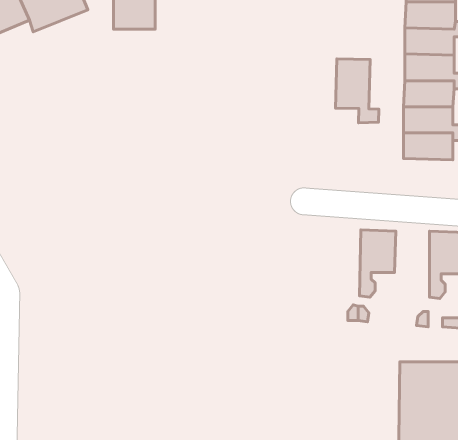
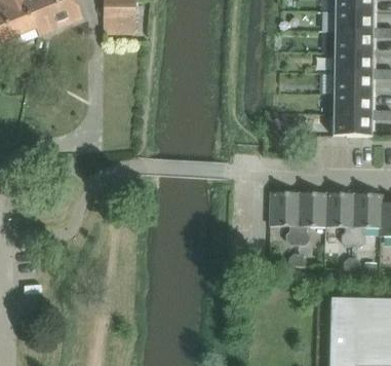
building: [336,59,379,123] -> none
building: none -> [270,192,299,245]
building: none -> [325,193,353,246]

